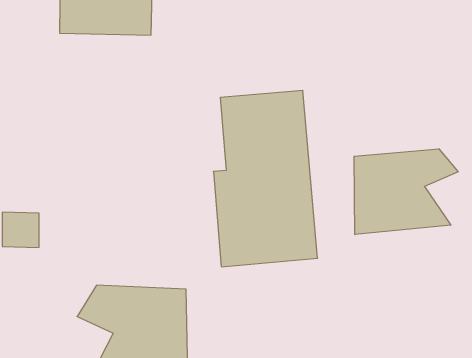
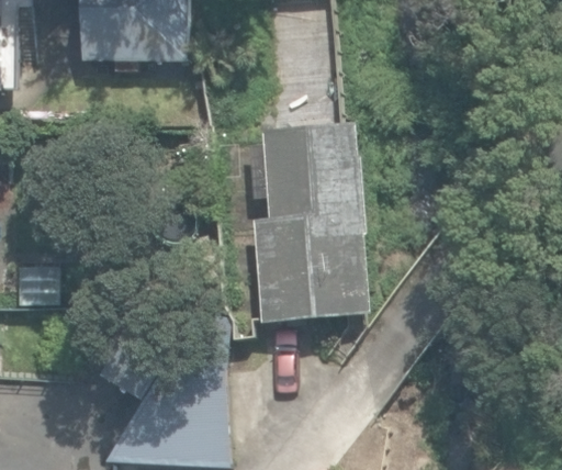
building: [354,149,458,235] -> none

